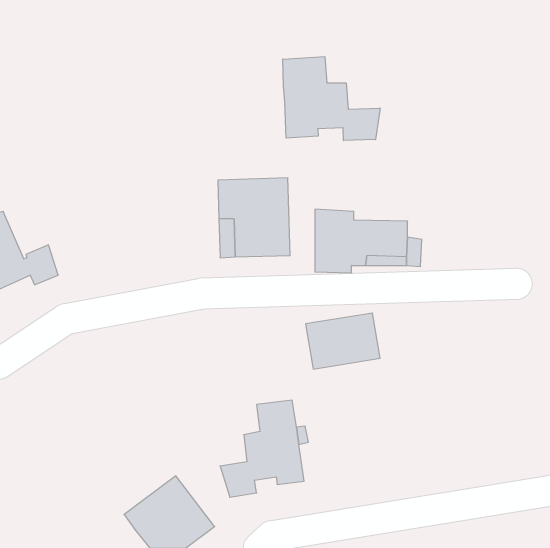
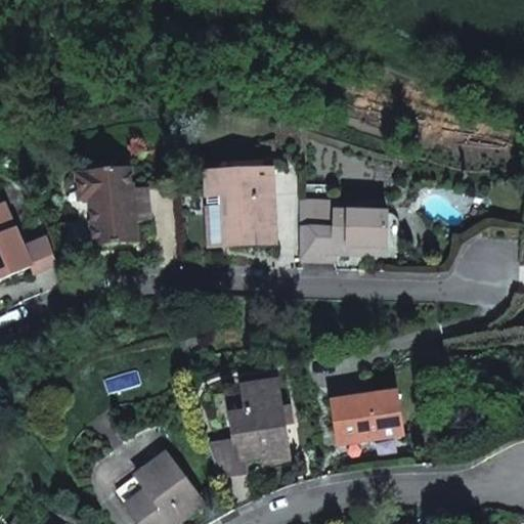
building: [283,57,380,141] -> none
building: none -> [78,165,149,243]
building: [306,313,380,369] -> [333,389,403,442]

